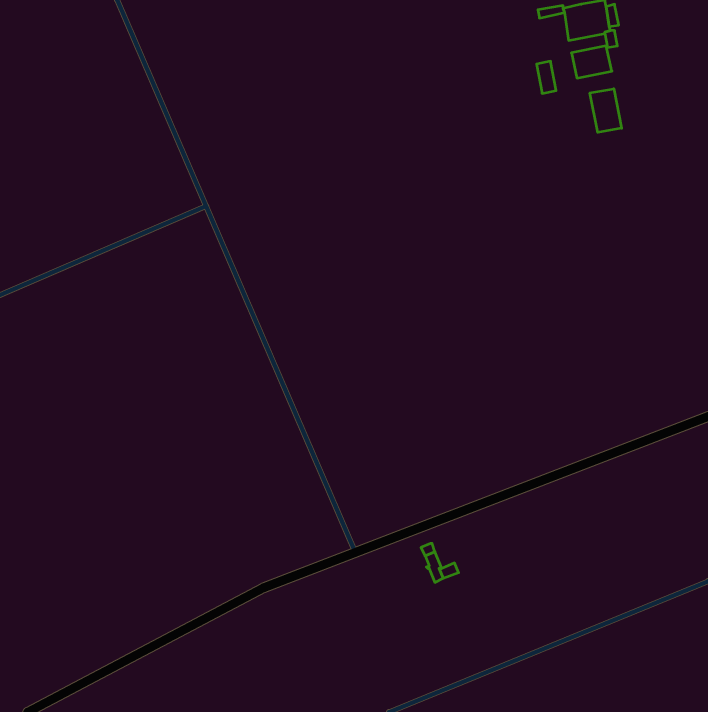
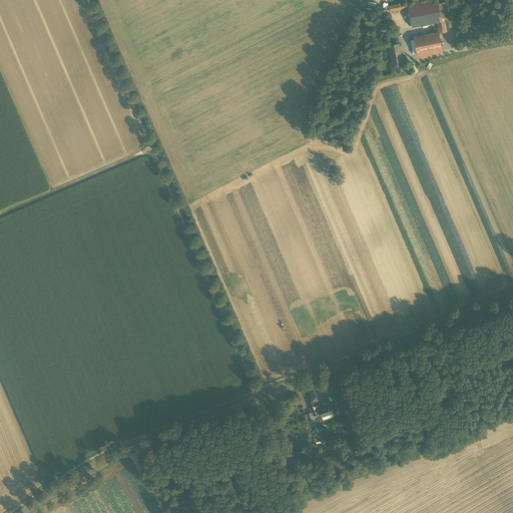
building: [590,89,622,132] -> none

